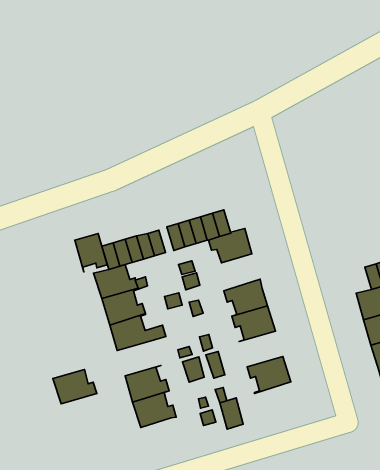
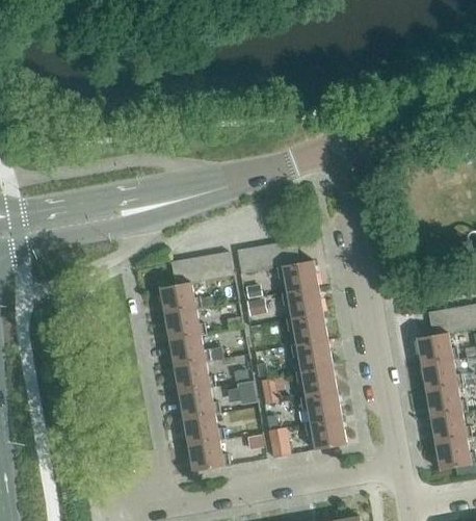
building: [75,233,107,272] -> none
building: none -> [282,286,323,318]
building: none -> [295,365,337,397]
building: [53,370,97,404] -> [174,361,215,392]
building: none -> [305,417,346,449]
building: none -> [188,439,230,471]

